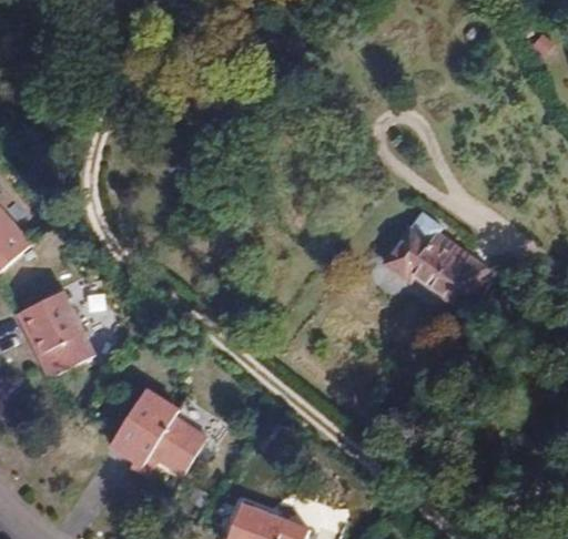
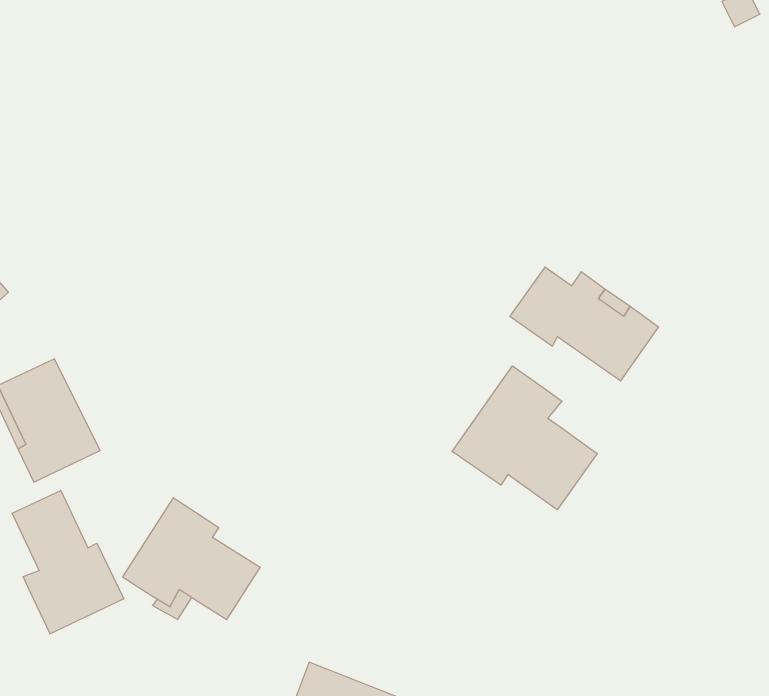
building: none -> [452,366,597,510]
building: none -> [12,490,124,634]

